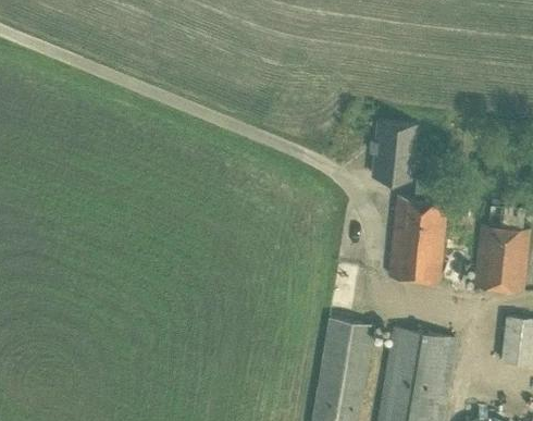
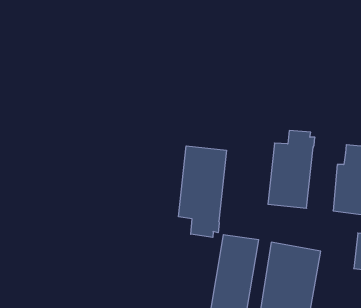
building: [373,123,416,182] -> none
building: none -> [179,146,226,237]

